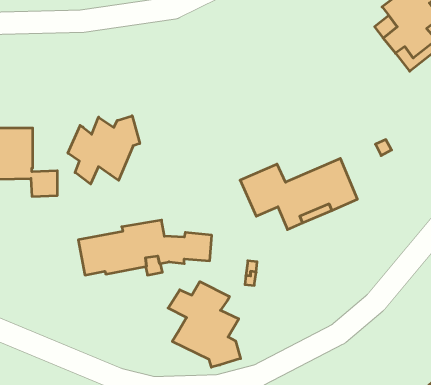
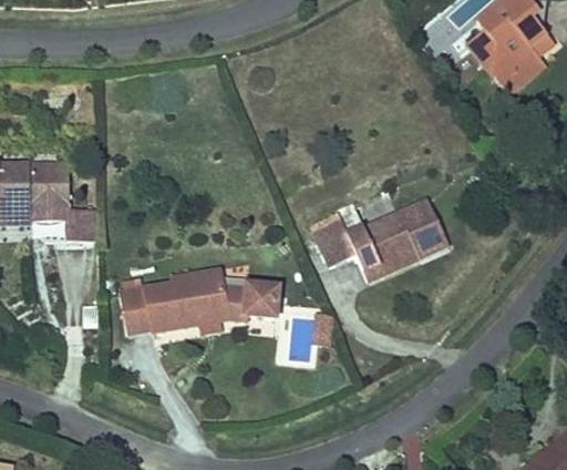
building: [68,116,140,184] -> none
building: [168,282,241,367] -> none

